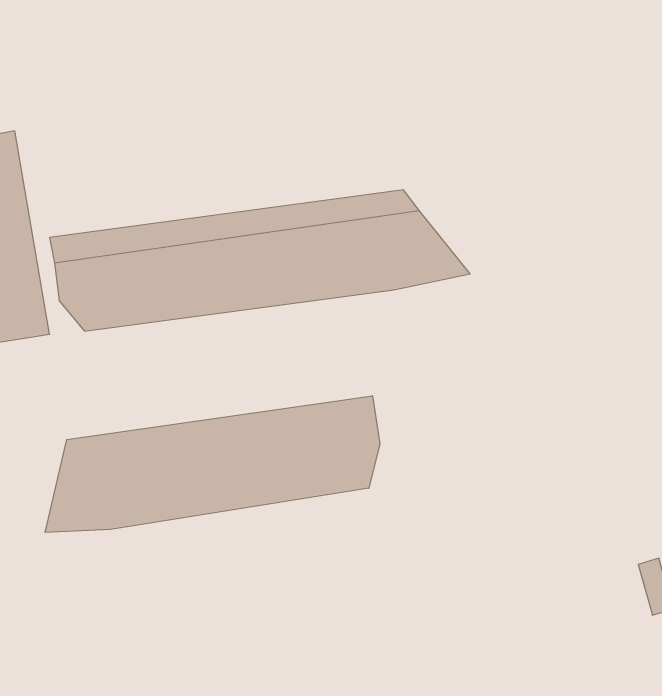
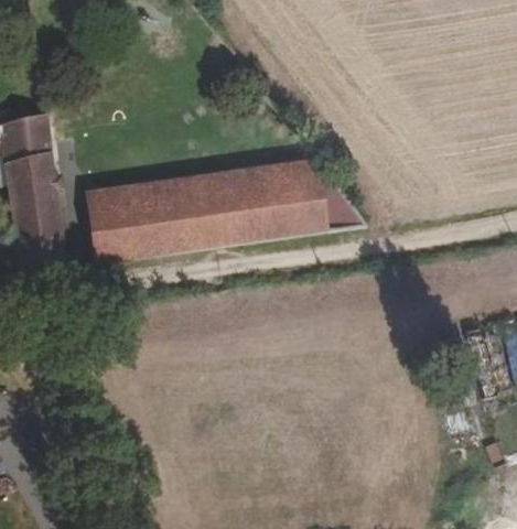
building: [45,396,380,532] -> none

